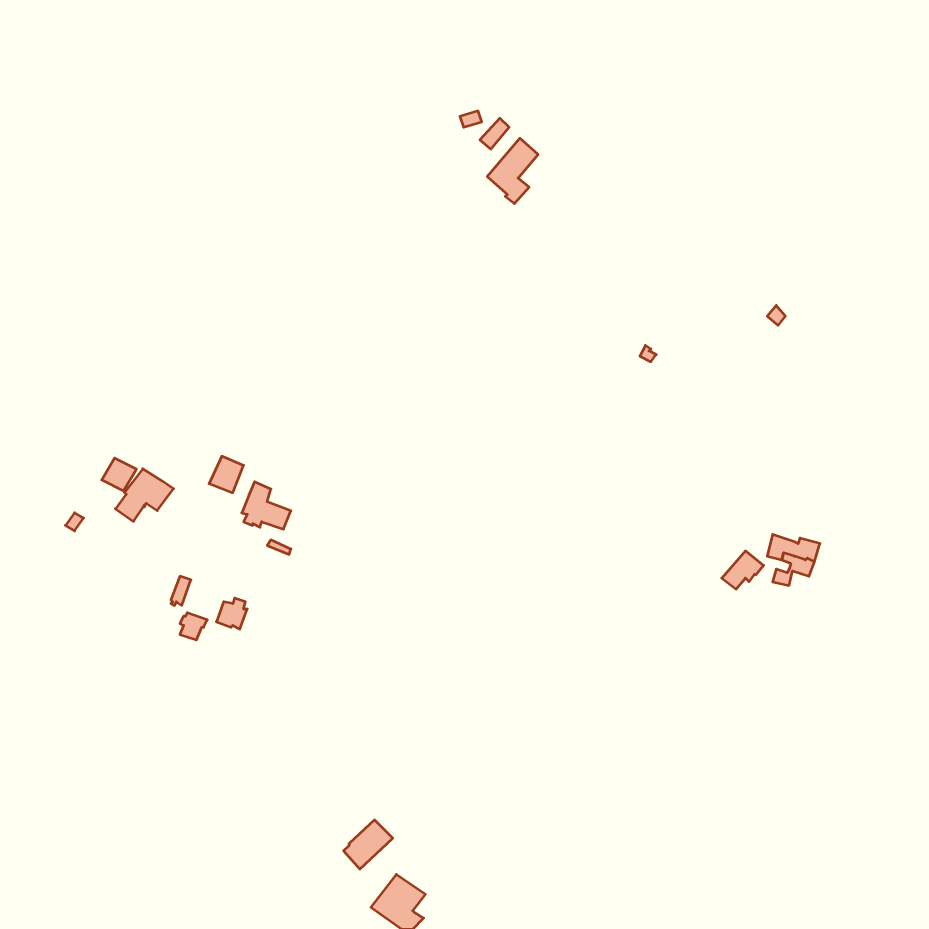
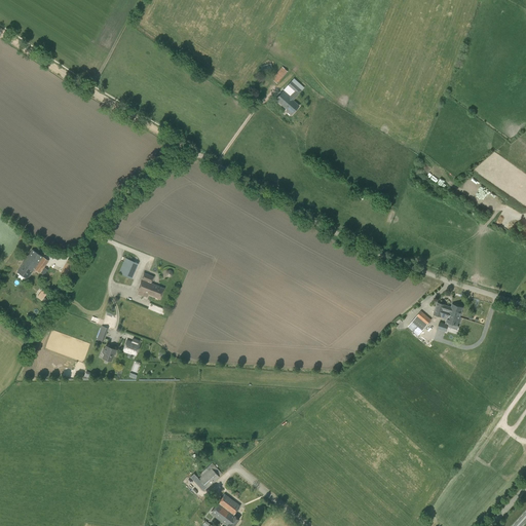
building: [115,469,174,521] -> [16,250,49,279]

